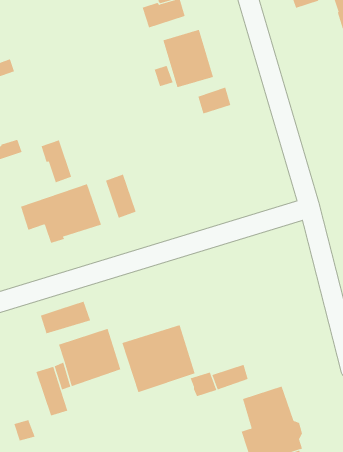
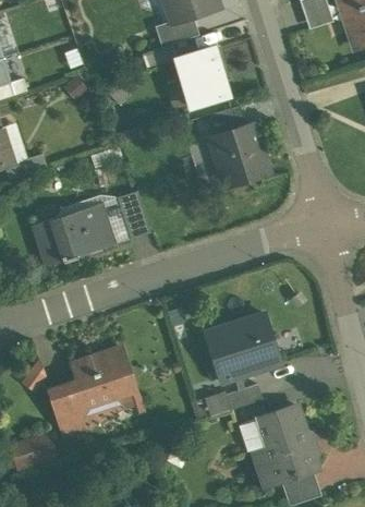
building: none -> [209,128,268,183]
building: [41,139,72,183] -> none
building: [40,301,91,334] -> none
building: [121,324,195,393] -> [205,314,279,383]

